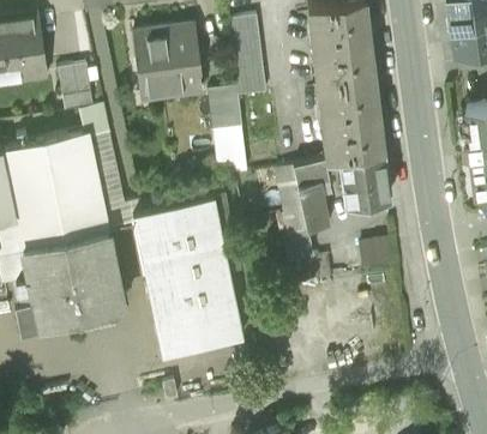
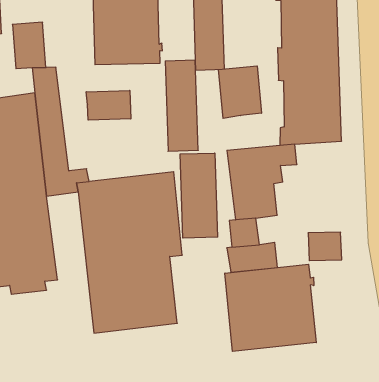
building: none -> [218,66,261,118]
building: none -> [86,90,131,120]
building: [339,152,392,207] -> none
building: none -> [180,153,218,238]
building: none -> [225,264,316,351]

